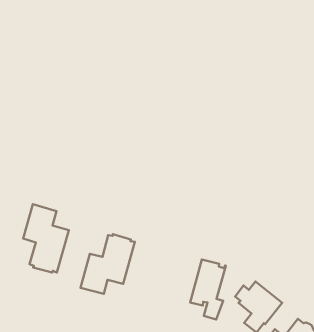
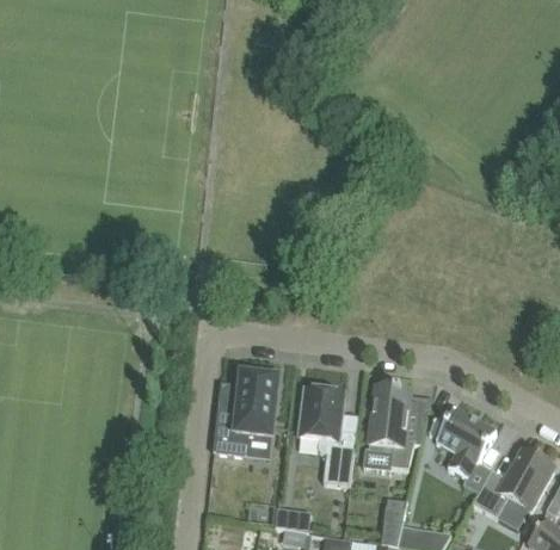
building: [23,204,69,273] -> none
building: none -> [300,385,357,484]

